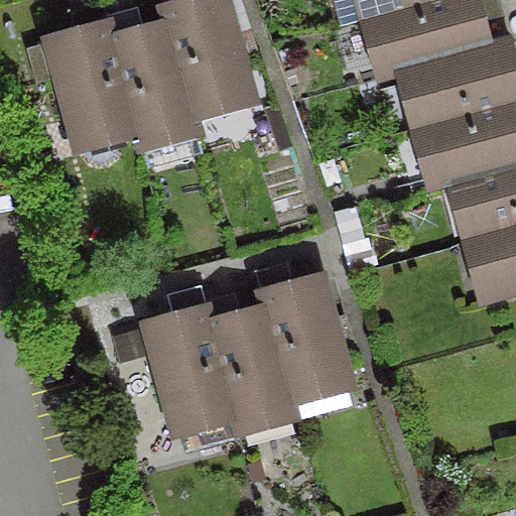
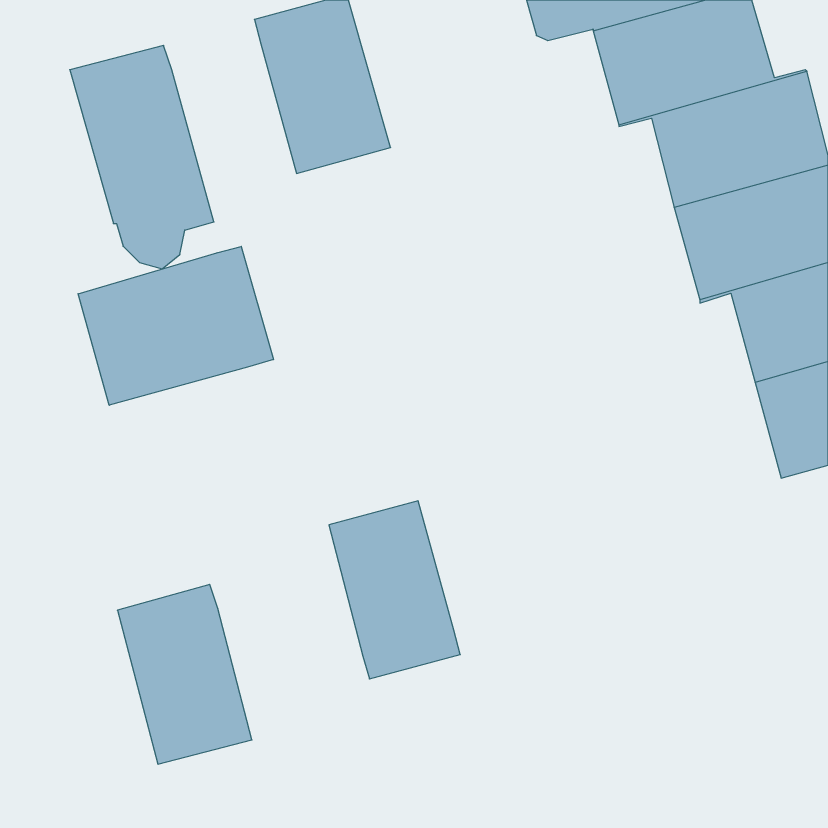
building: [107,27,189,138] -> none
building: none -> [78,246,273,405]
building: [256,281,341,392] -> none
building: [142,311,226,423] -> [117,584,252,764]

